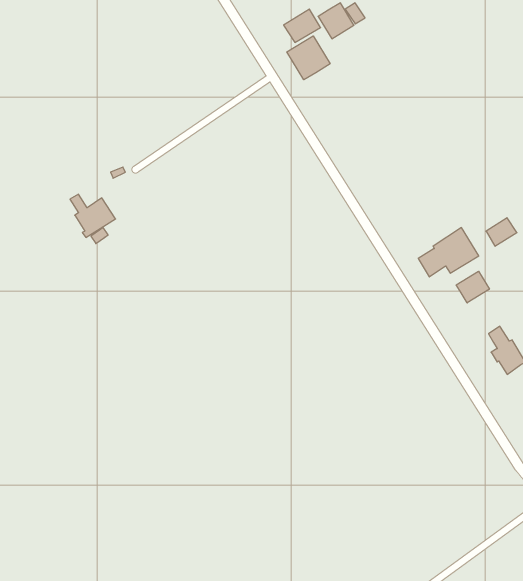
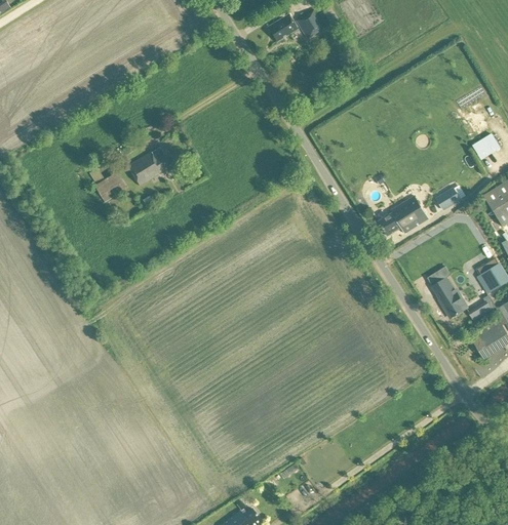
building: [287,36,330,80] -> none
building: none -> [127,148,171,186]
building: [456,271,489,303] -> none

